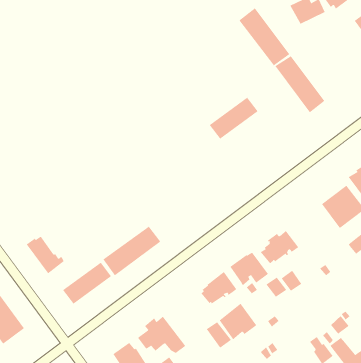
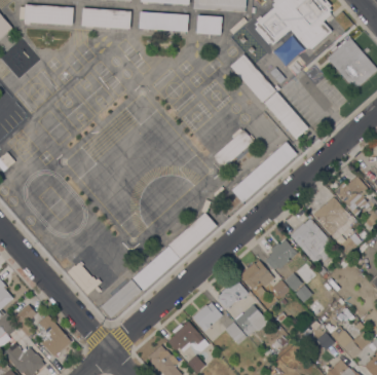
building: none -> [221,142,297,216]
building: none -> [168,213,216,257]
building: none -> [289,218,331,263]
building: none -> [192,302,222,331]

